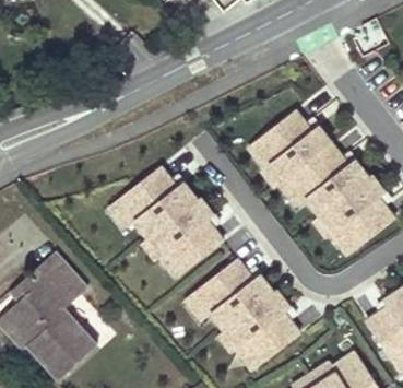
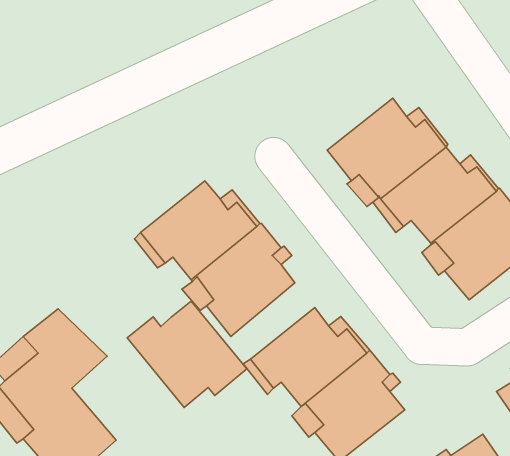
building: none -> [127,301,247,407]

